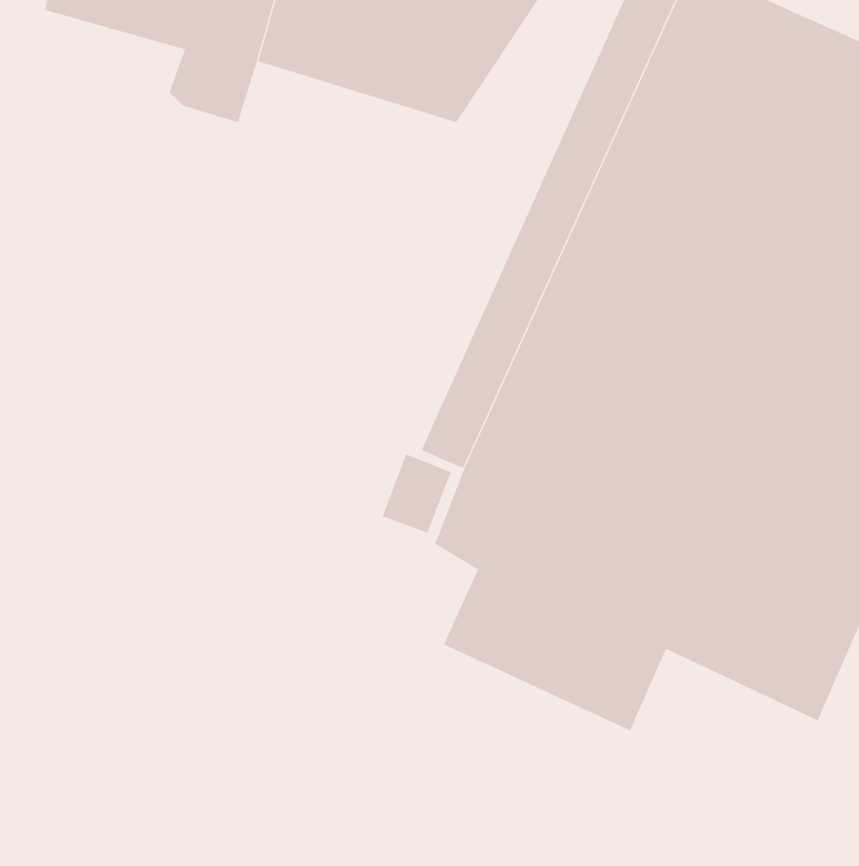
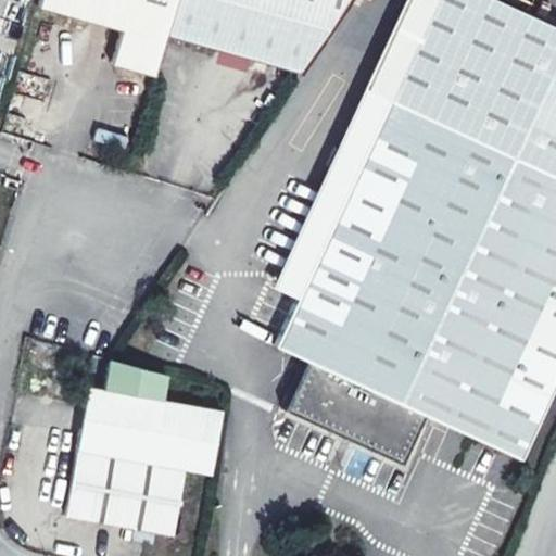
building: none -> [68,362,223,530]

